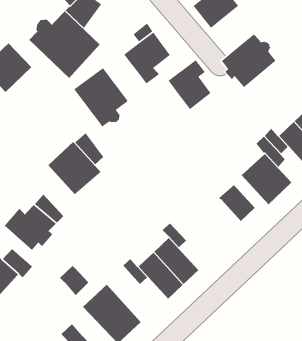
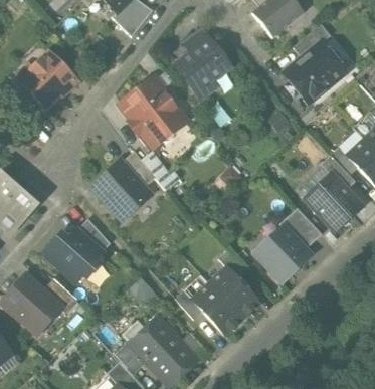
building: [29,10,101,79] -> none
building: none -> [293,24,331,57]
building: [168,59,211,110] -> none
building: none -> [254,225,311,282]
building: [59,265,89,296] -> [114,341,147,375]

